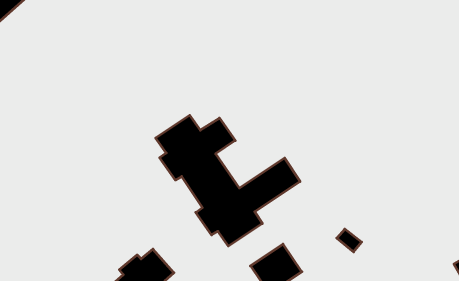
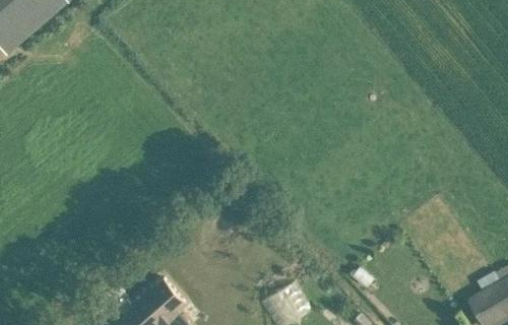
building: [156,115,300,246] -> none

